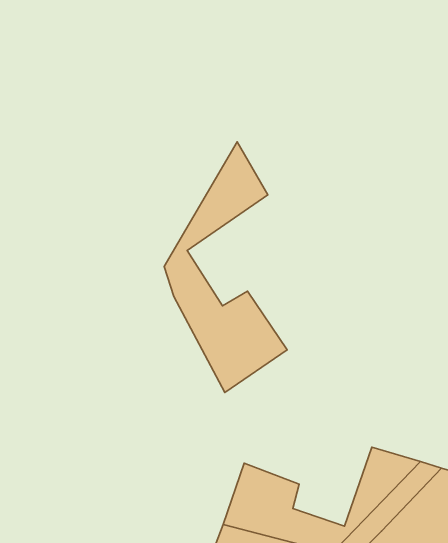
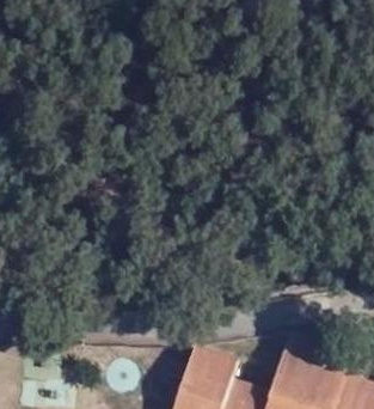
building: [164,142,287,393] -> none

